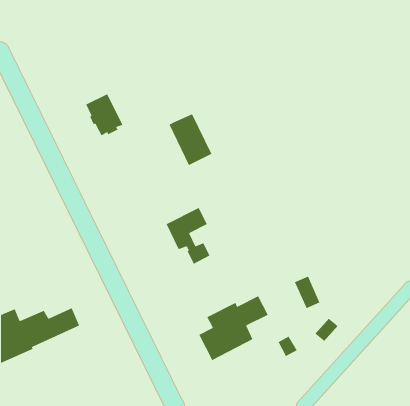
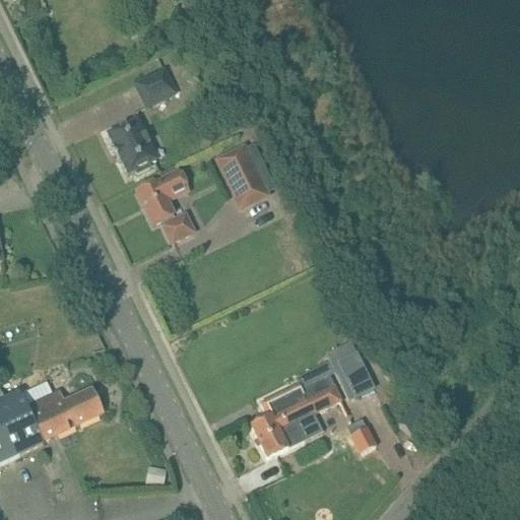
building: none -> [135,67,176,106]
building: [165,207,210,265] -> [136,169,193,242]
building: [294,275,320,309] -> [338,347,372,390]

